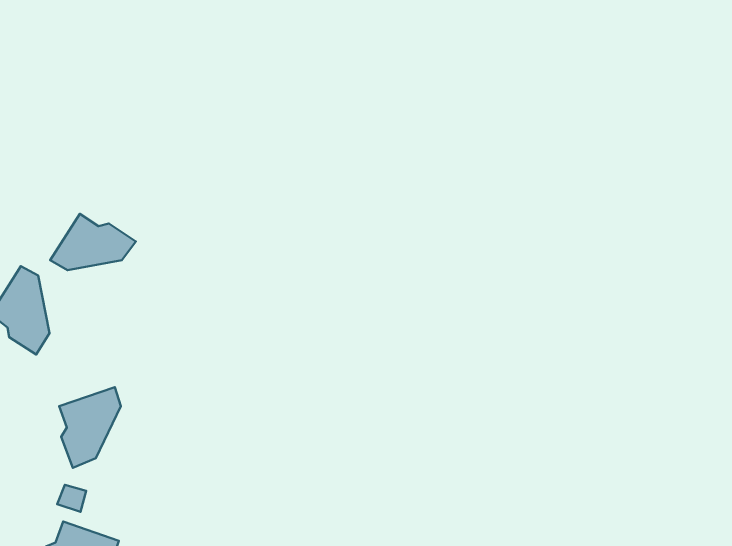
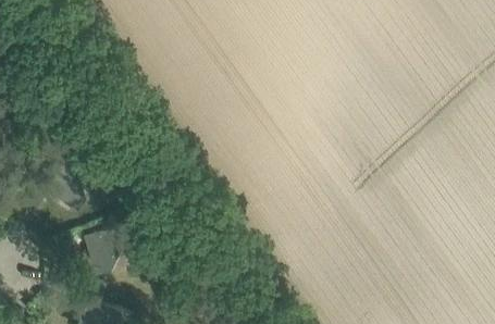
building: [50,214,136,270] -> none

